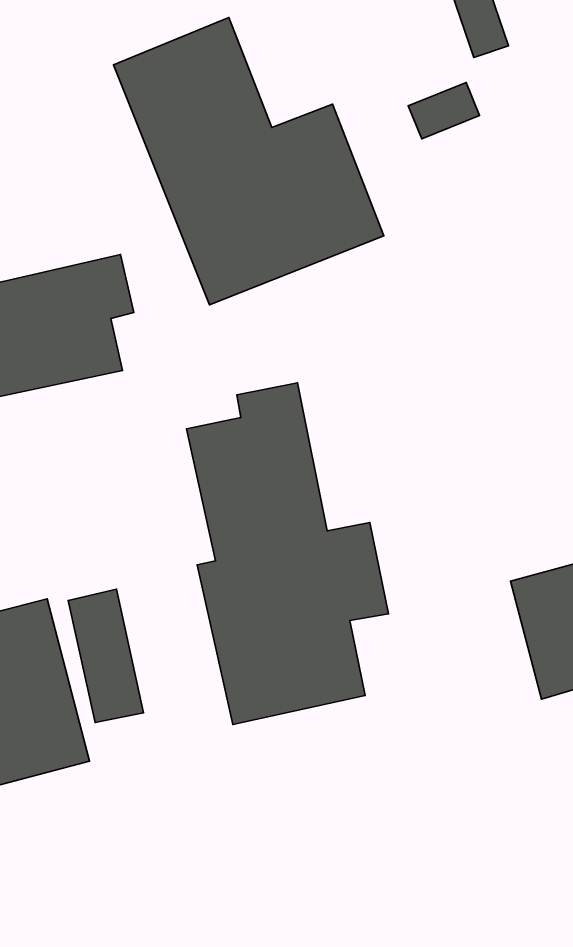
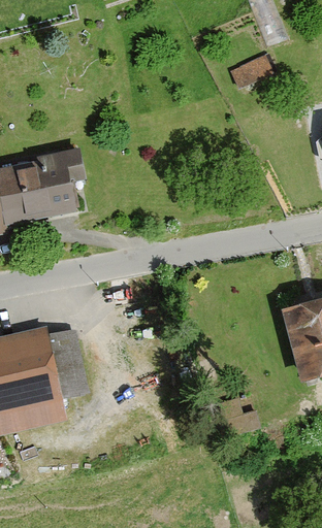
building: [113,18,384,305] -> none
building: [186,383,389,724] -> none

